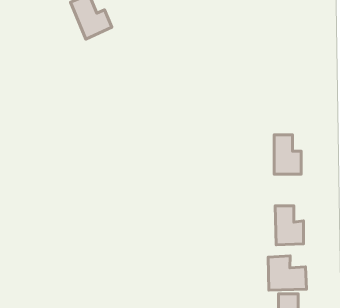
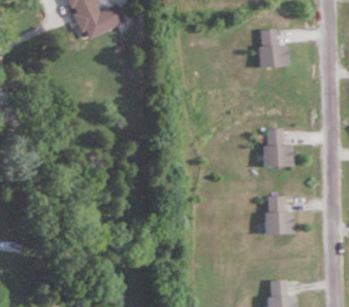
building: none -> [261,29,286,66]
building: [268,256,307,290] -> none

